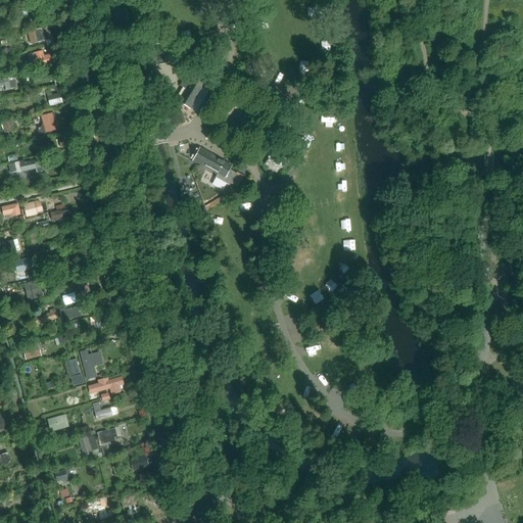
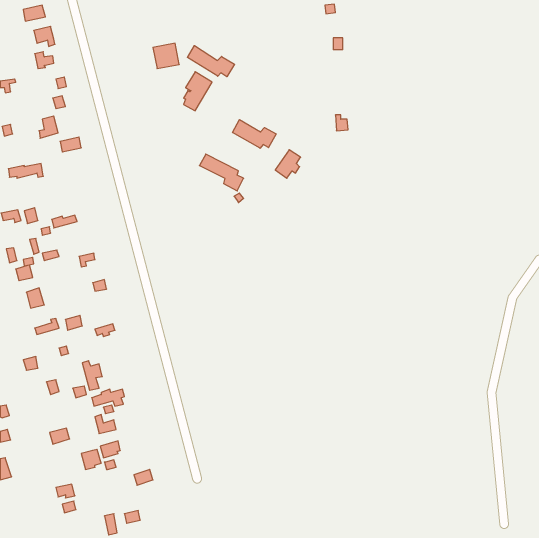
building: none -> [187,46,235,77]
building: none -> [233,120,276,148]

